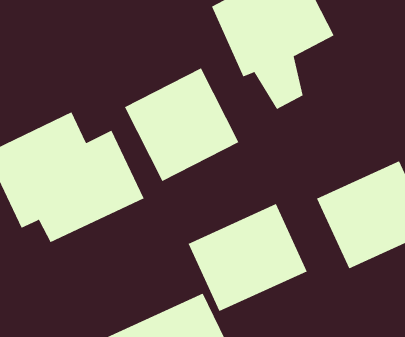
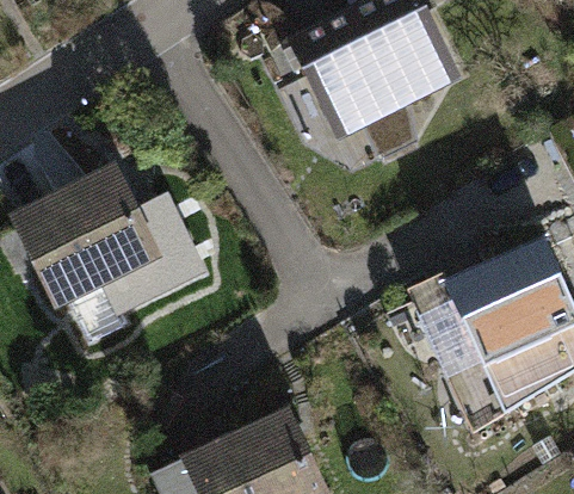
building: [124,67,239,182] -> none
building: [188,203,308,312] -> none

